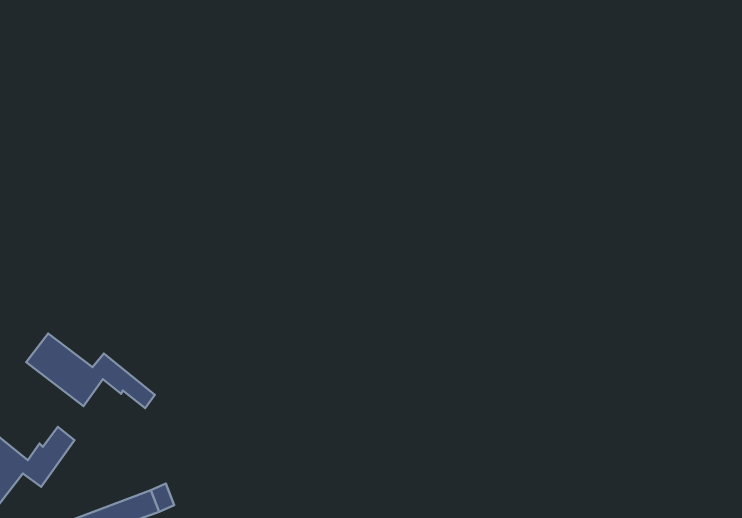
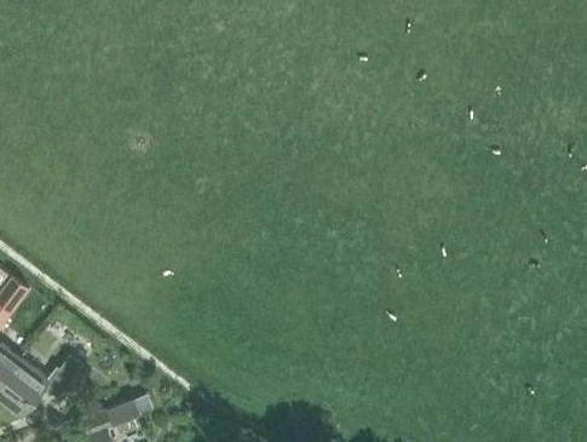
building: [26,333,155,408] -> none

